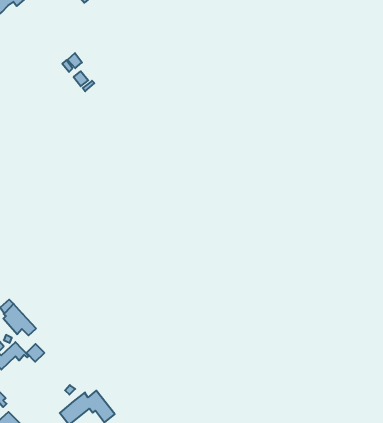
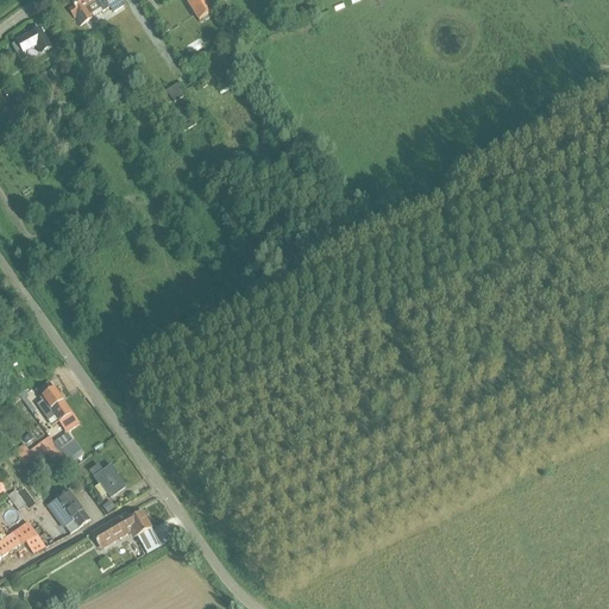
building: none -> [90,463,126,496]
building: none -> [48,488,92,527]

